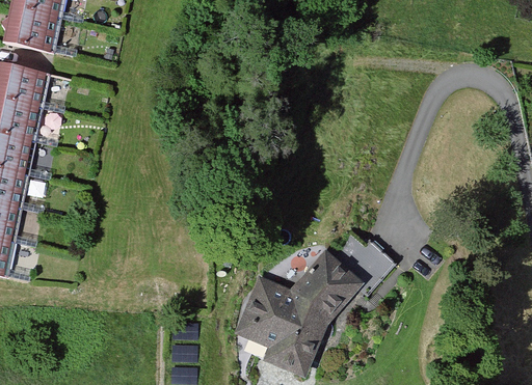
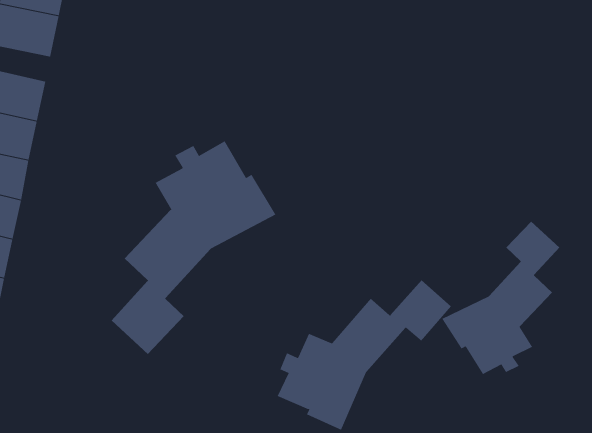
building: none -> [111,140,276,355]
building: none -> [442,221,560,375]

